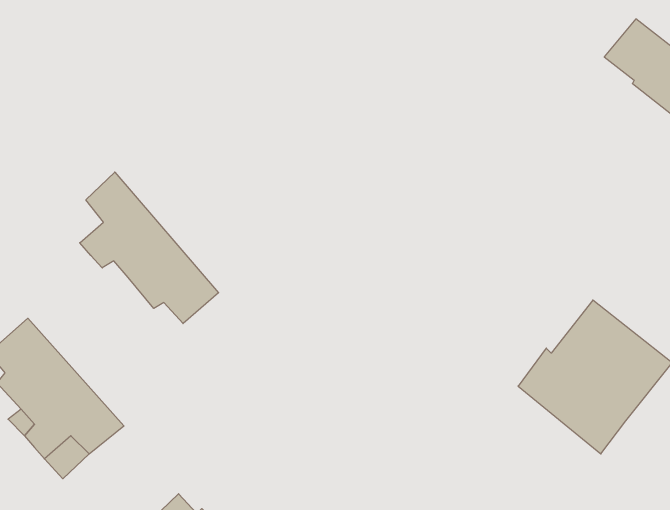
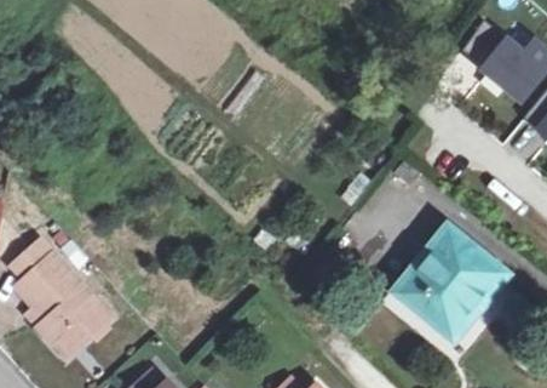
building: [80,172,219,324] -> none

